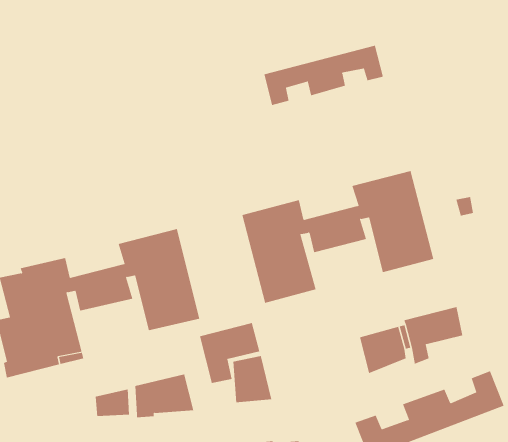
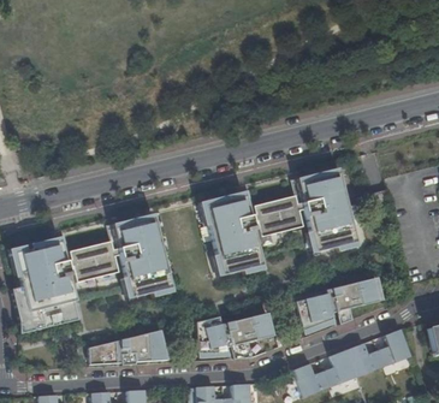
building: [264,45,383,106] -> none
building: [199,323,260,384] -> [225,312,273,360]

